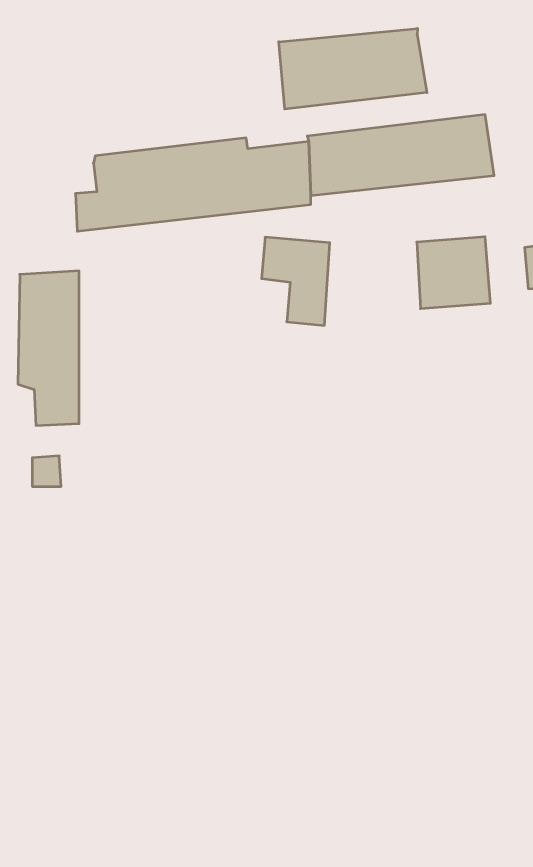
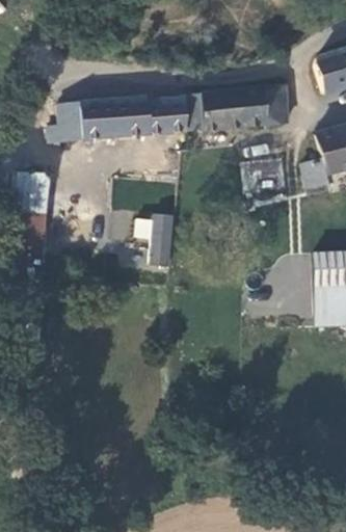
building: [279,28,427,109] -> none
building: [262,237,330,325] -> [136,211,176,262]

